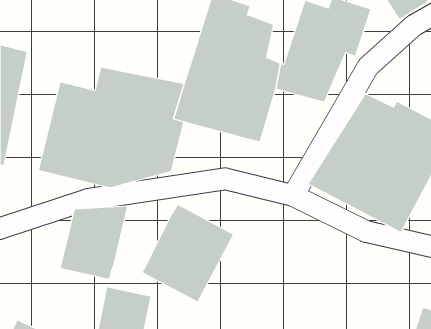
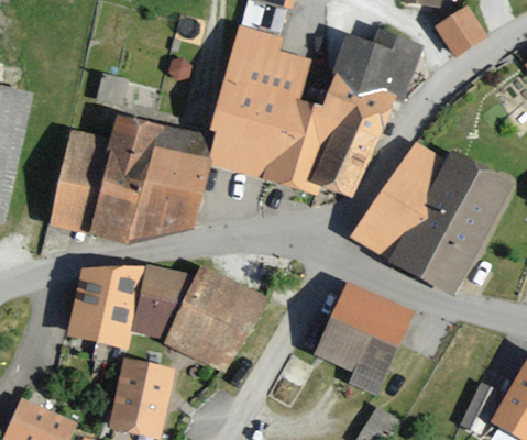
building: none -> [296,133,369,199]
building: none -> [132,266,196,336]
building: none -> [312,280,413,394]

